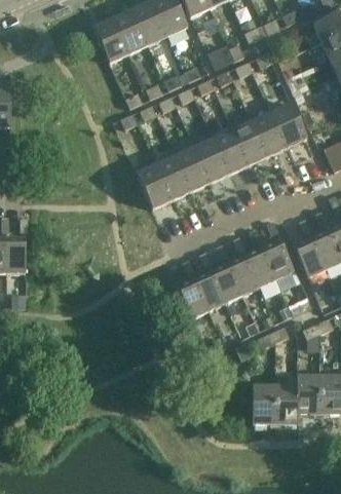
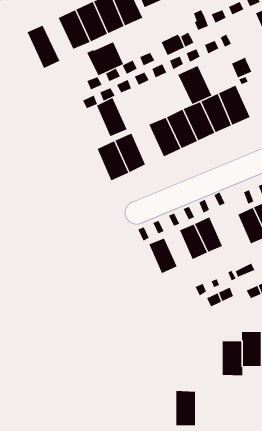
building: none -> [27,25,60,69]
building: none -> [87,41,124,76]
building: none -> [177,65,212,105]
building: [175,146,210,190] -> [96,97,128,137]
building: [261,239,294,280] -> none
building: [211,263,241,303] -> none
building: [176,278,207,319] -> none
building: [252,384,274,423] -> [175,391,196,426]

